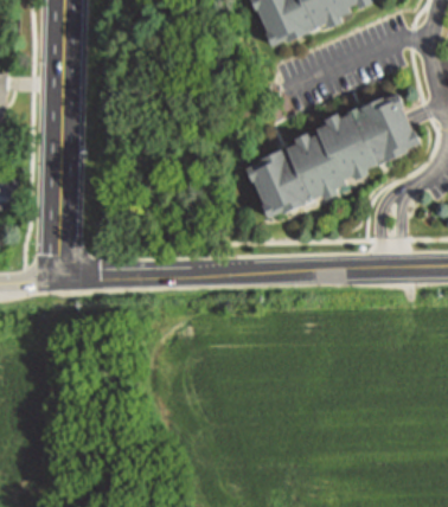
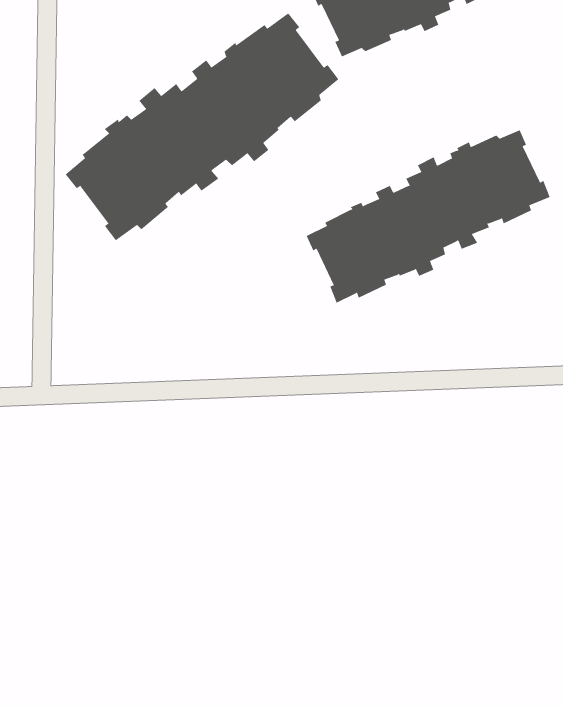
building: none -> [65,12,339,241]

